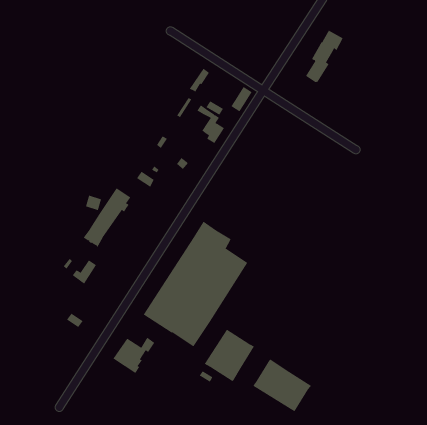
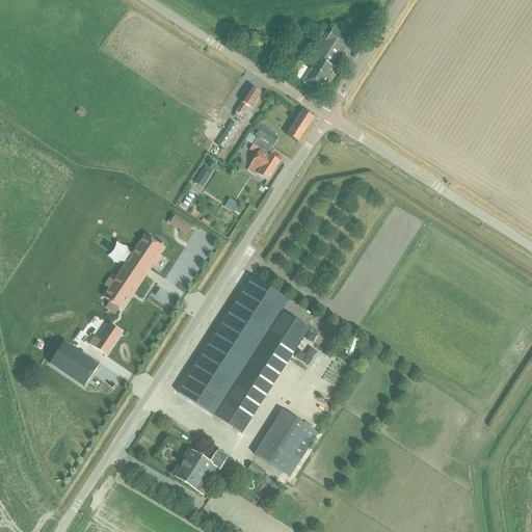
building: [305,30,344,83] -> [303,23,351,88]
building: none -> [49,339,99,384]
building: [113,337,155,374] -> [175,447,228,493]
building: [252,358,312,412] -> none

